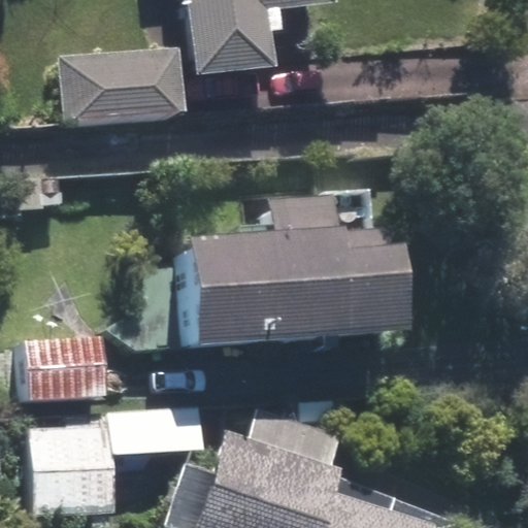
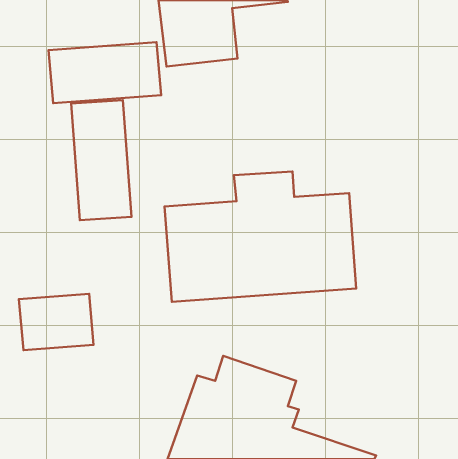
building: none -> [71,100,132,220]
building: [26,408,203,518] -> none

